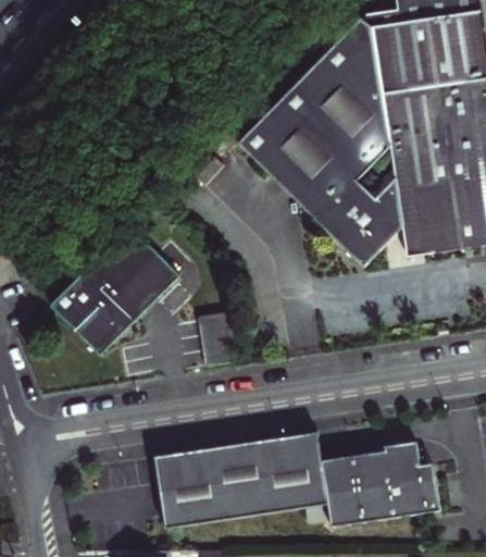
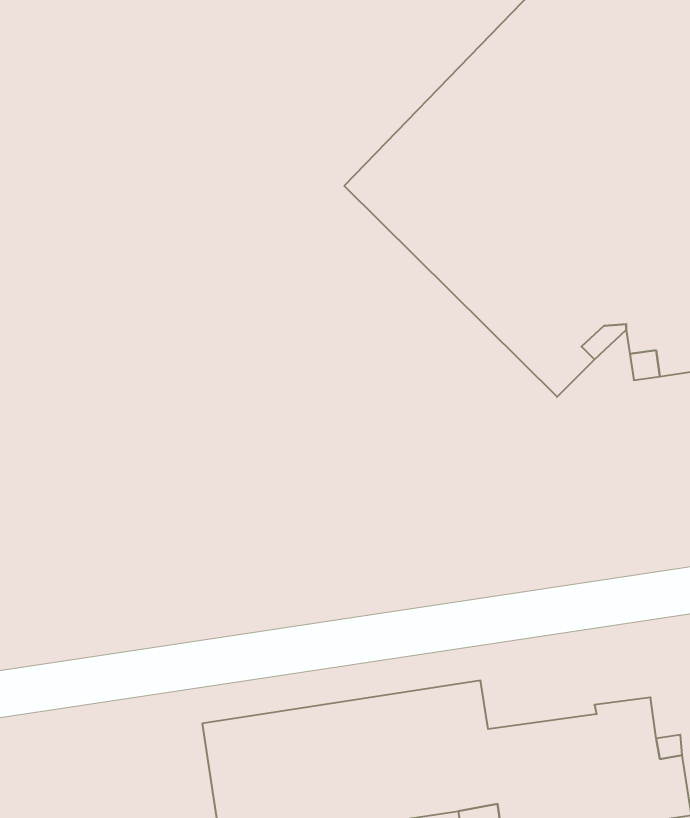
building: [50,226,179,355] -> none
building: [195,313,236,364] -> none

